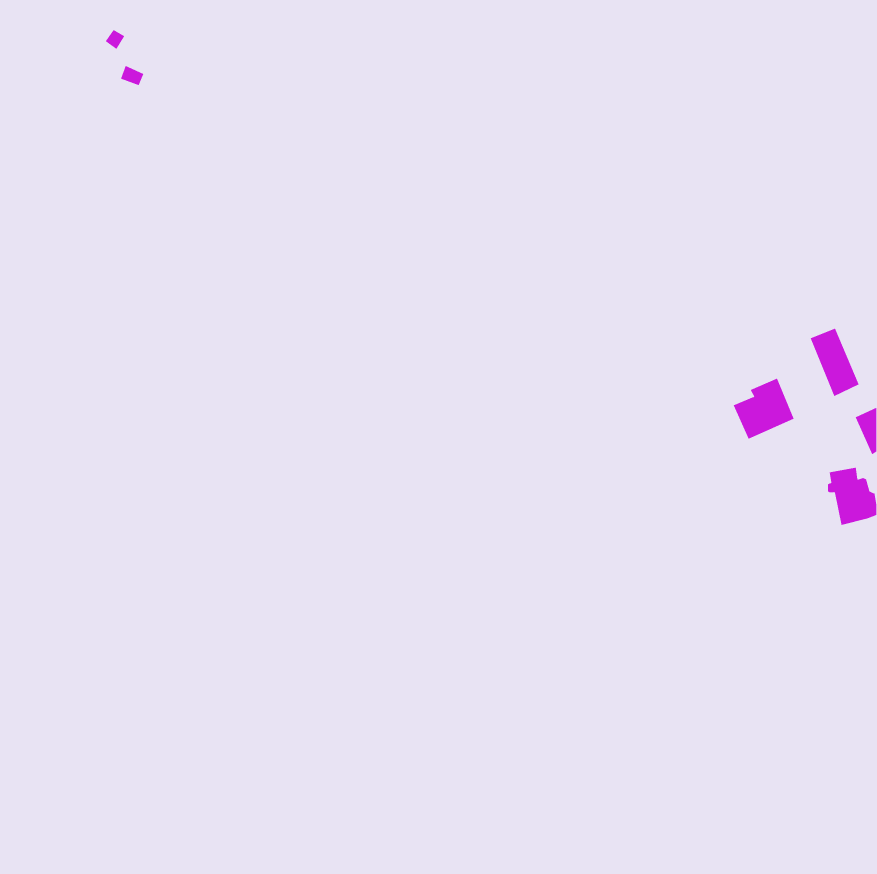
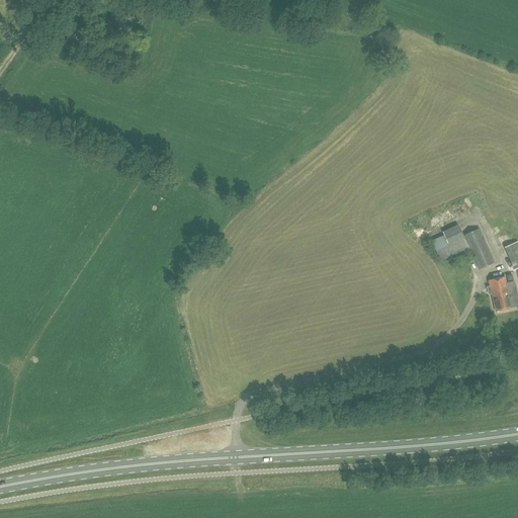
building: [810,328,860,397] -> [464,228,494,268]

